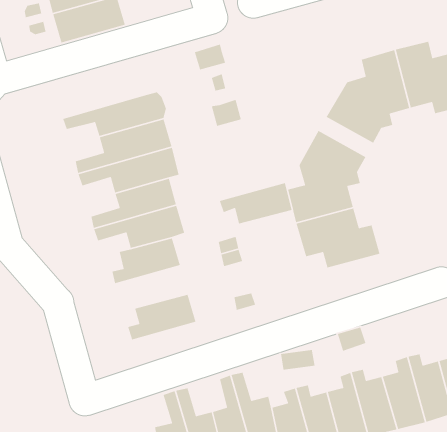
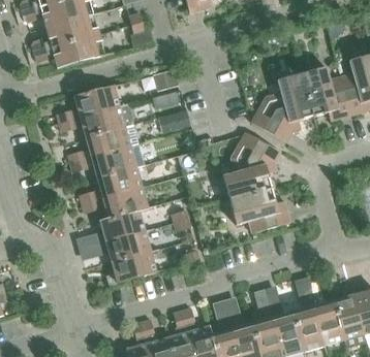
building: none -> [56,85,119,123]
building: [219,182,292,225] -> [96,230,150,261]

